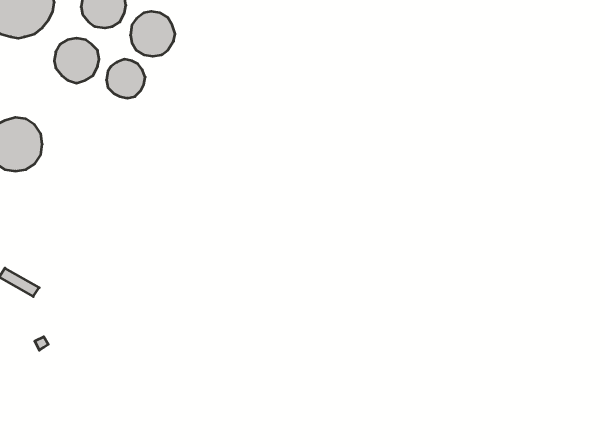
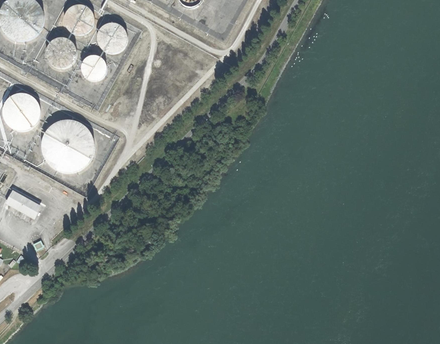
building: none -> [41,120,92,171]

